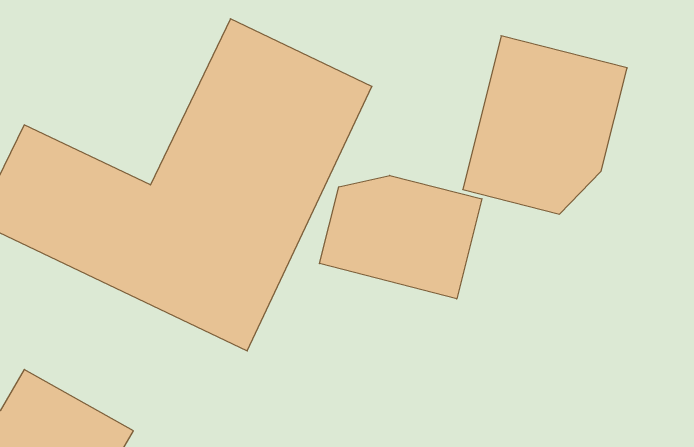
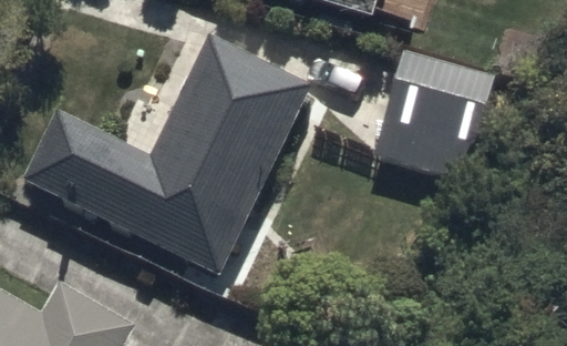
building: [319,175,482,299] -> none

